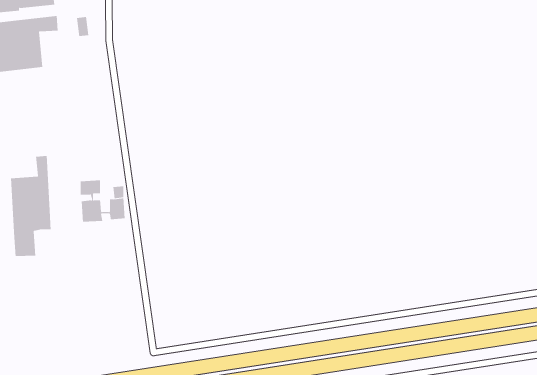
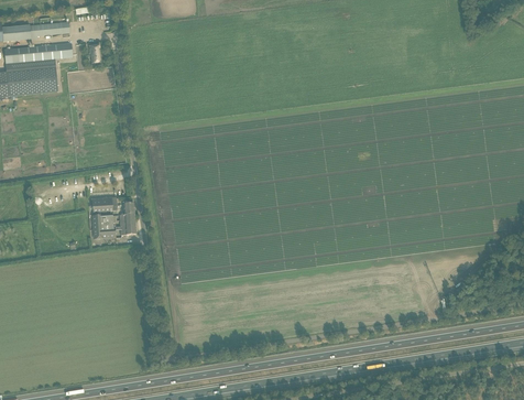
building: [10,155,51,257] -> none

